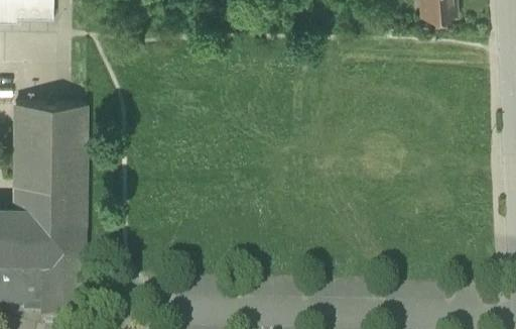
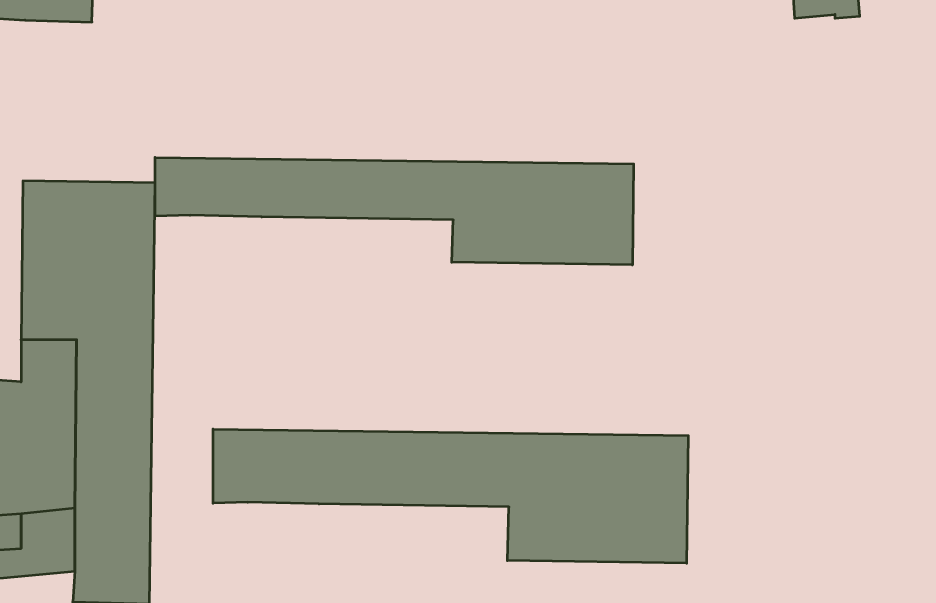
building: none -> [155,157,634,265]
building: none -> [213,429,688,563]

